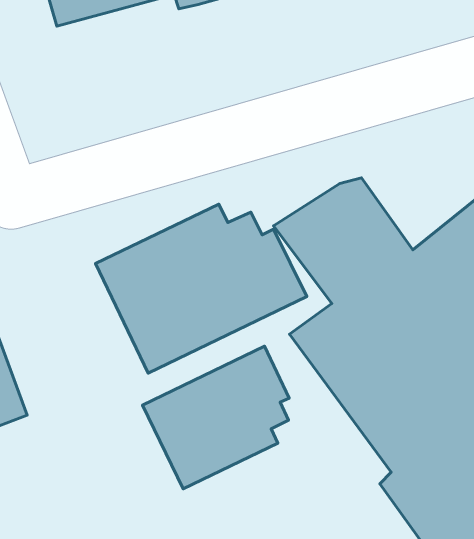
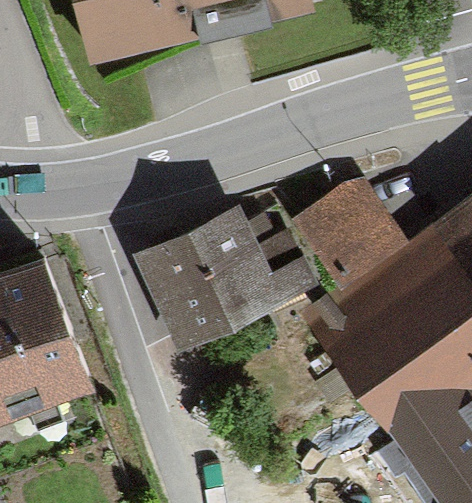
building: [143,346,289,489] -> none

